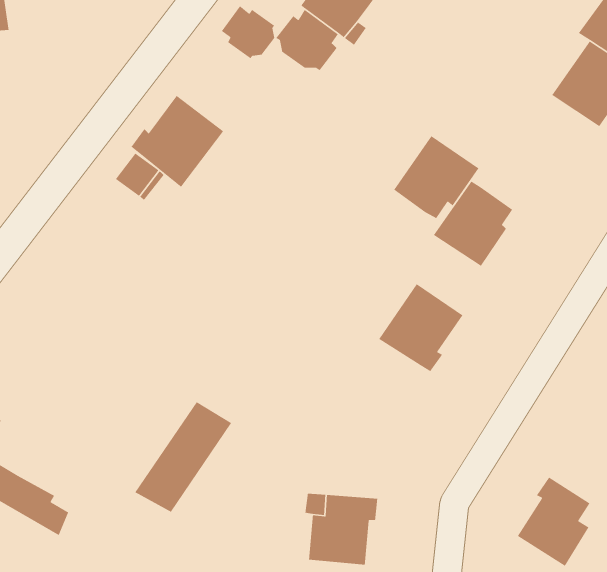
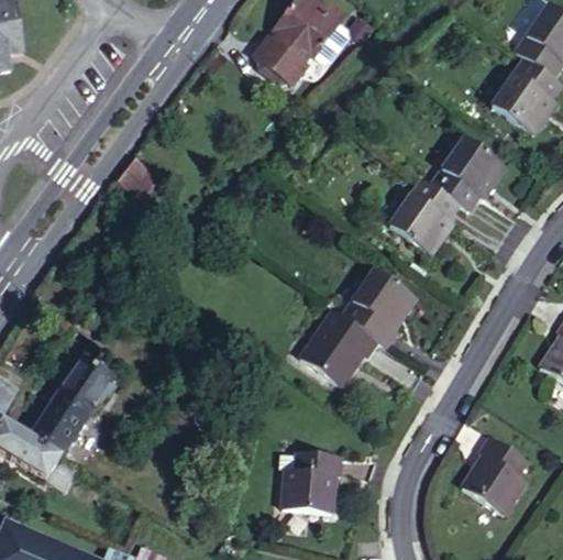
building: [221,5,275,59] -> none
building: [131,95,224,188] -> none
building: [393,135,480,219] -> [431,138,506,210]
building: none -> [300,309,378,386]
building: [134,401,232,513] -> [31,355,115,452]

